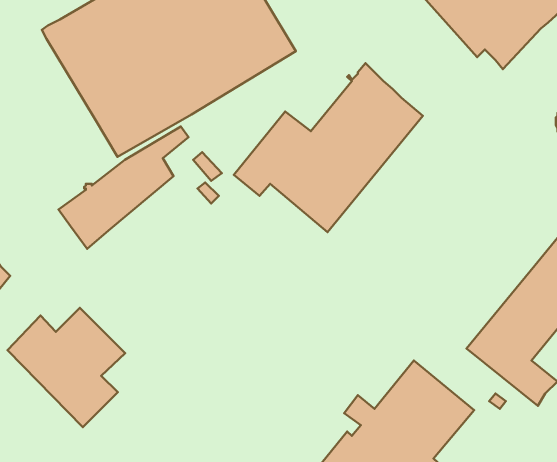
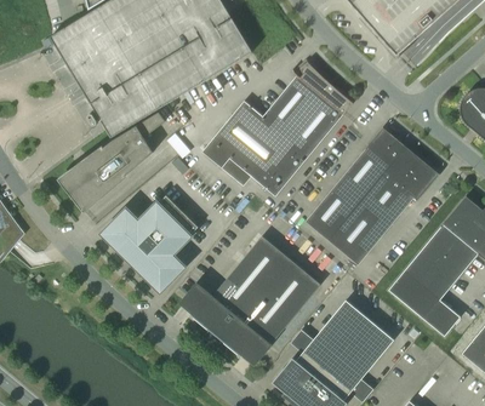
building: none -> [304,127,439,264]
building: none -> [176,235,320,366]
building: [7,308,125,427] -> [97,198,192,293]

